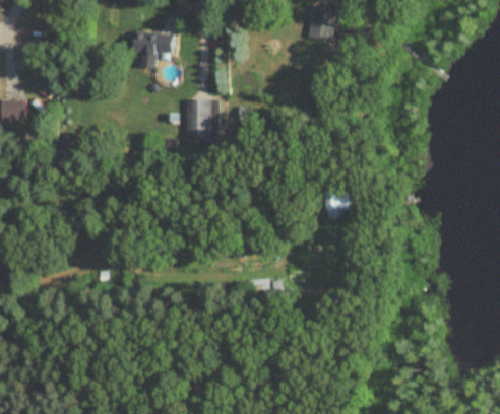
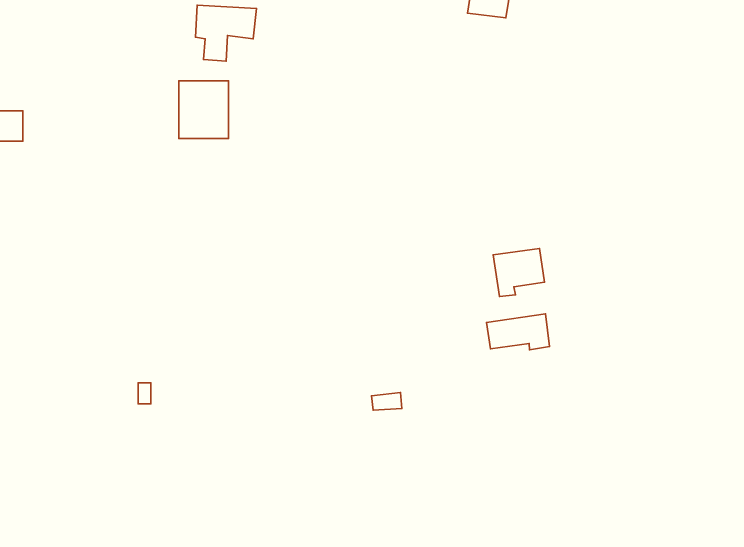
building: [186,100,217,137] -> [179,81,228,139]
building: none -> [487,314,550,350]

